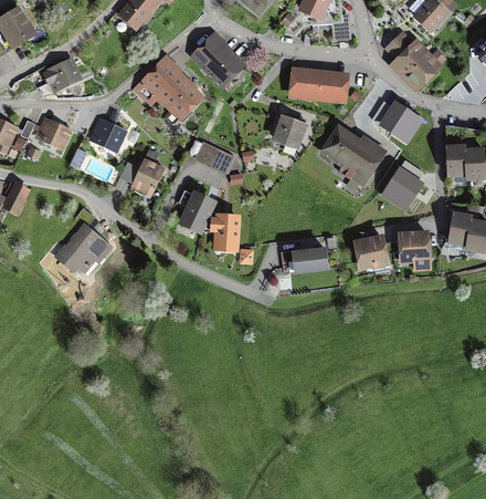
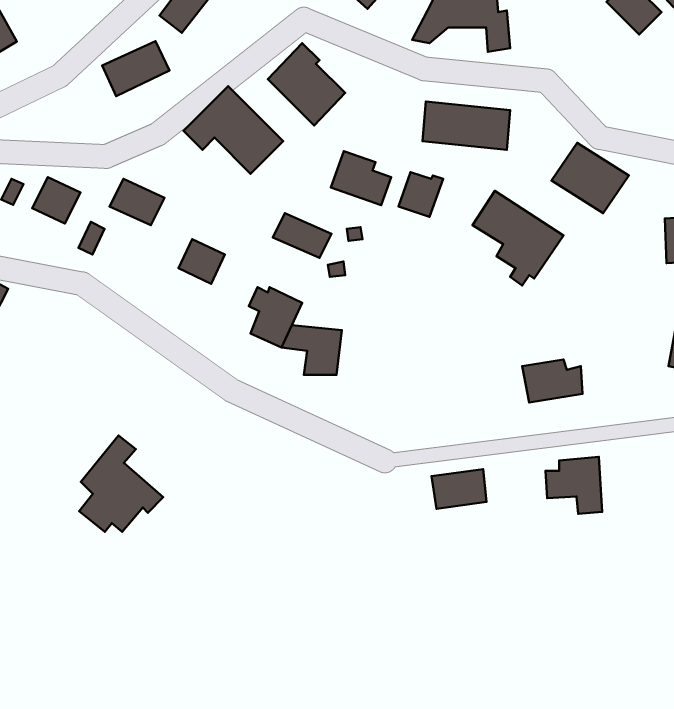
building: [389,33,445,84] -> none
building: [35,59,78,94] -> [102,41,169,96]
building: none -> [331,151,391,205]
building: [380,164,425,211] -> none
building: [57,207,112,269] -> [79,435,163,532]
building: [393,231,430,268] -> [545,457,602,514]
building: [293,246,328,271] -> [431,469,486,509]

